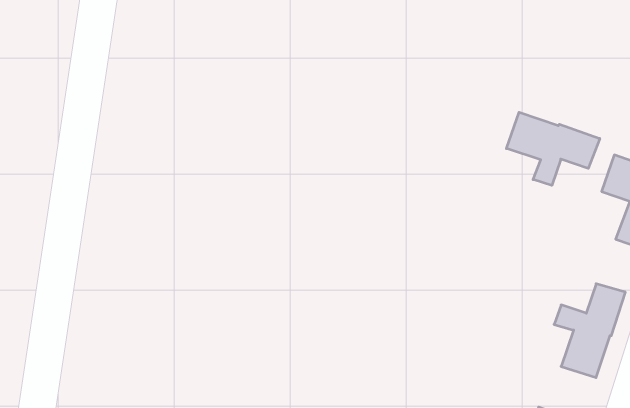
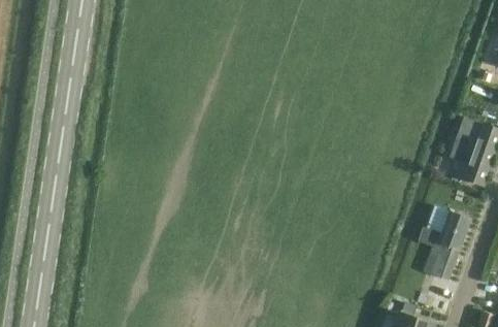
building: [506,112,600,185] -> none

